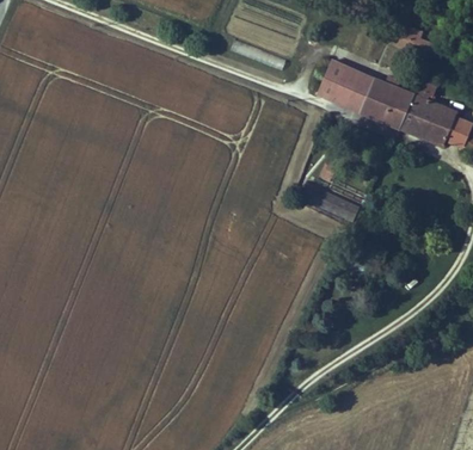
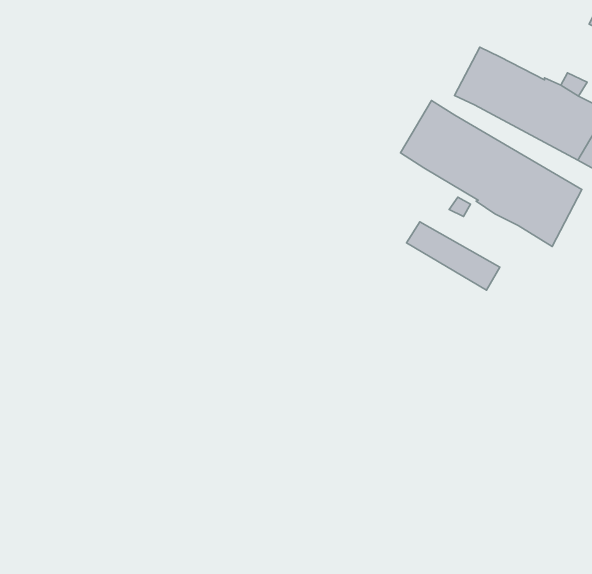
building: none -> [401,100,582,247]

